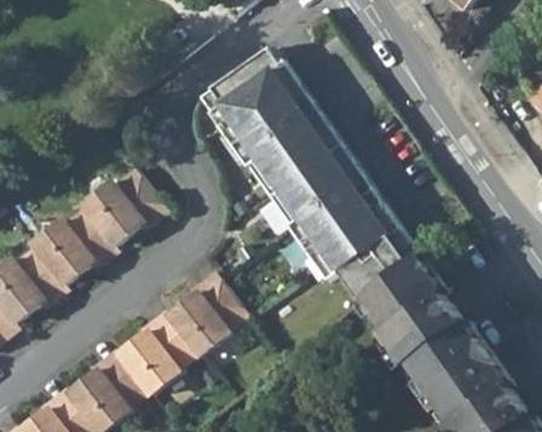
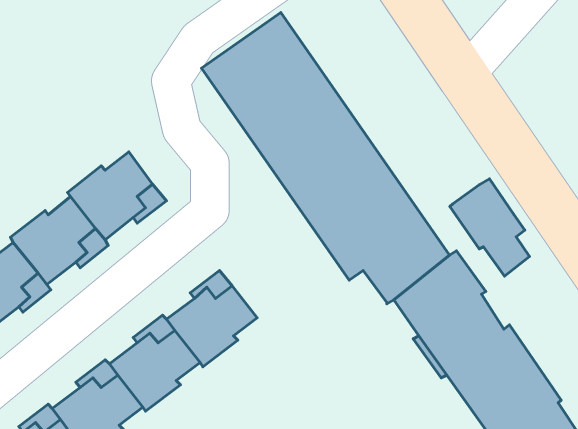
building: none -> [450,179,530,276]

